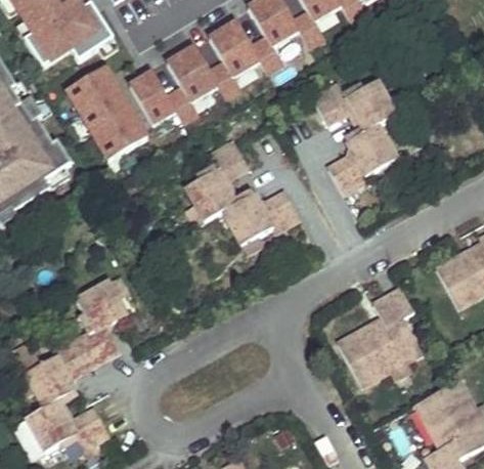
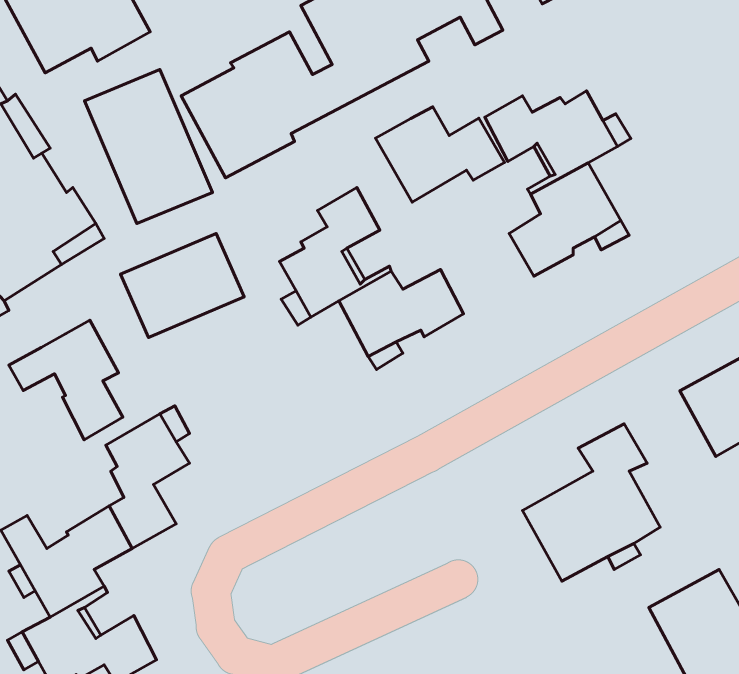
building: none -> [375,107,505,202]
building: none -> [121,233,244,338]
building: none -> [9,320,123,440]

